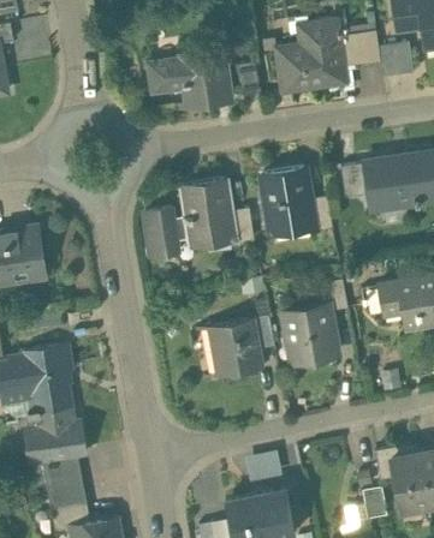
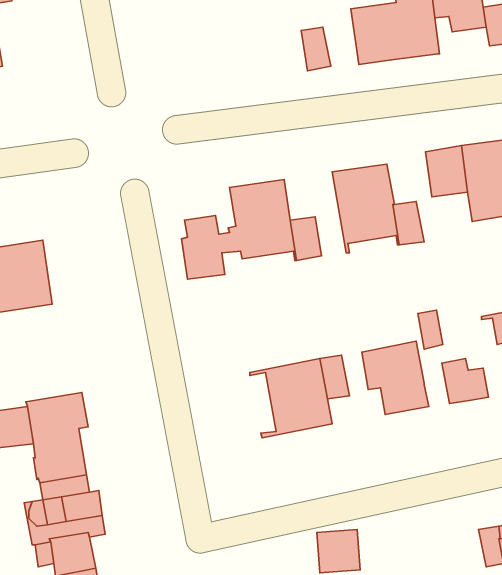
building: [148,52,228,108] -> none
building: none -> [442,358,489,404]

